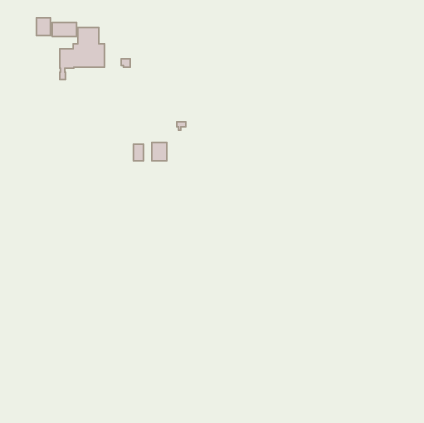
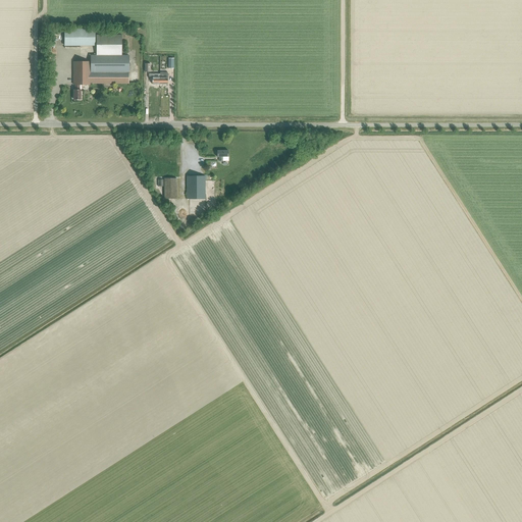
building: [37,18,50,35] -> none

